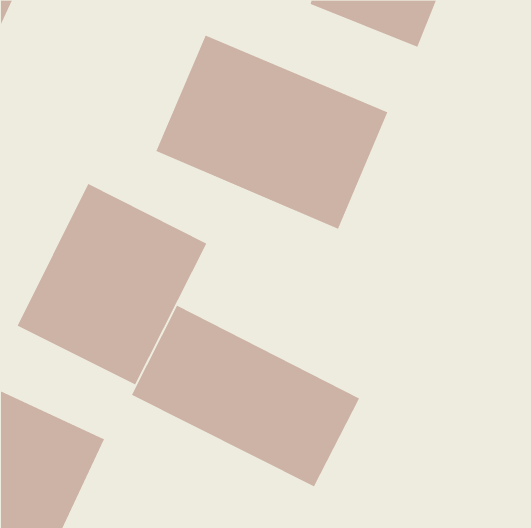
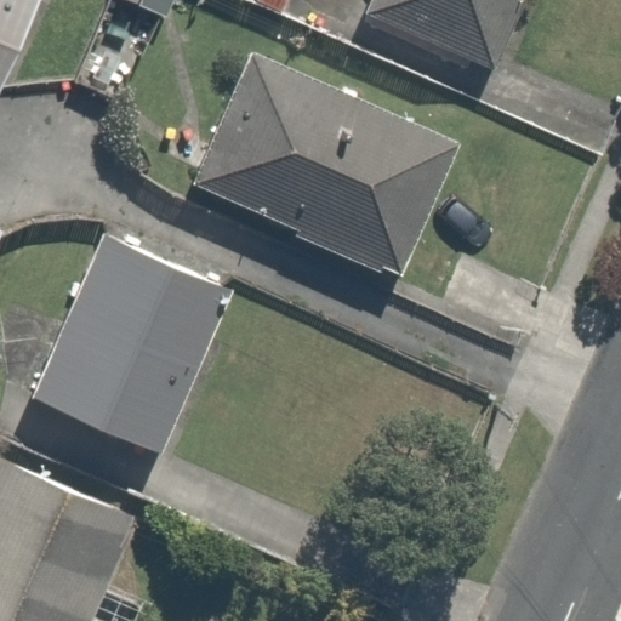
building: [131,305,360,487] -> none

